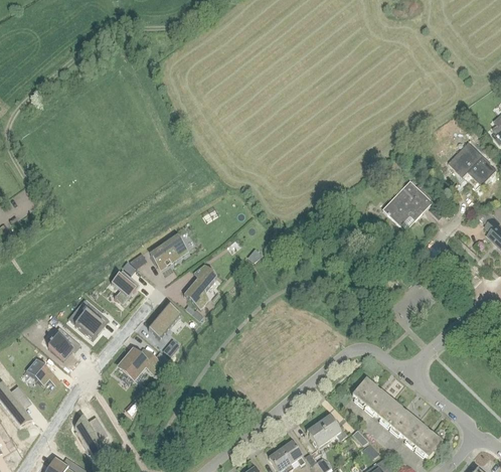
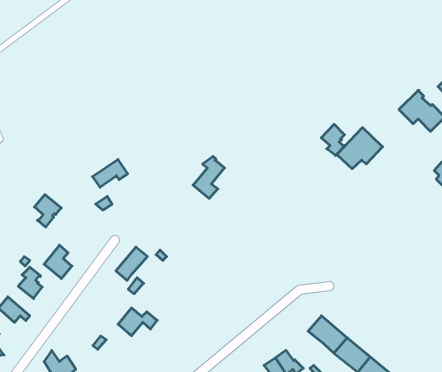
building: none -> [321,124,345,156]
building: [150,234,187,264] -> [92,159,128,187]
building: [183,264,216,308] -> [193,156,225,198]
building: [111,269,139,303] -> [34,195,61,227]
building: [119,349,160,378] -> [118,308,157,336]

